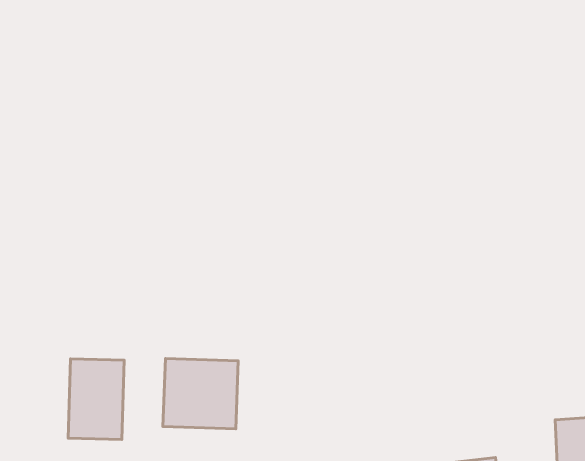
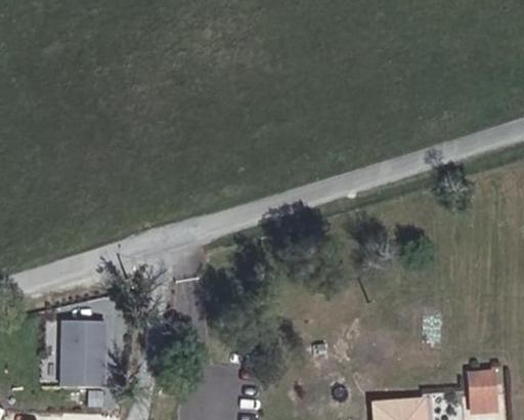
building: [163,359,238,429] -> none

